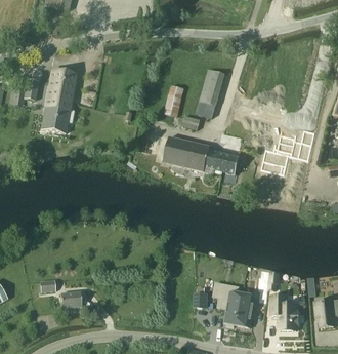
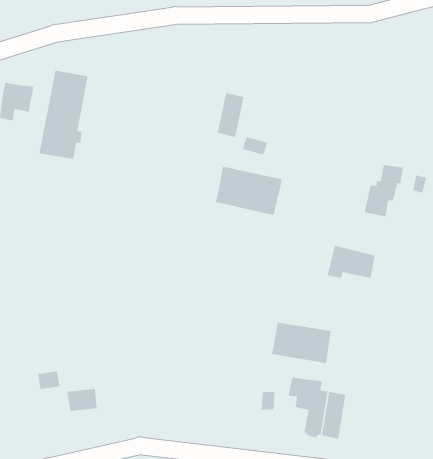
building: [197,69,224,117] -> none
building: [205,150,239,173] -> [327,245,375,279]
building: none -> [271,322,331,364]
building: [274,297,302,330] -> none

